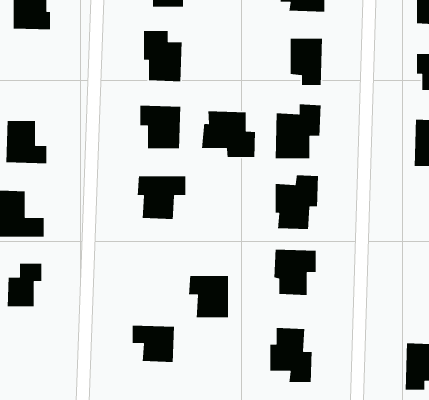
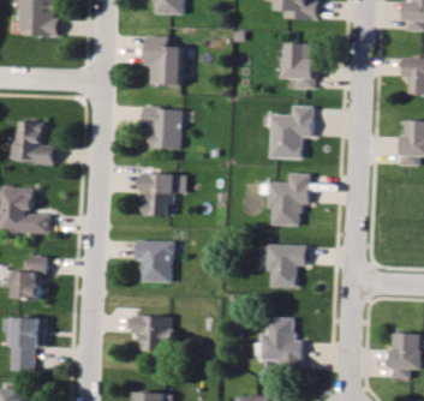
building: [201,111,256,158] -> none
building: [188,275,229,318] -> [135,241,173,282]
building: none -> [13,318,47,371]

